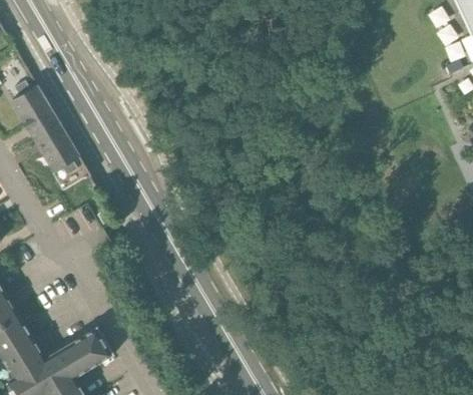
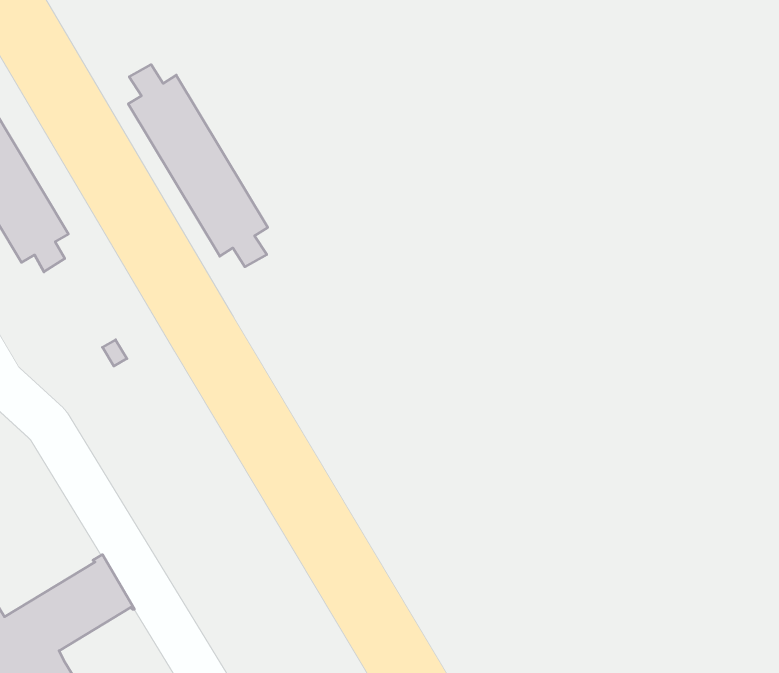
building: none -> [128,65,268,267]

